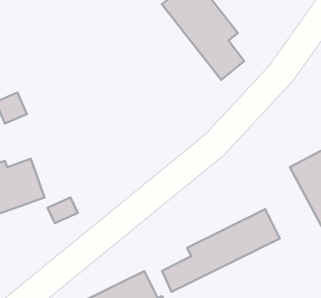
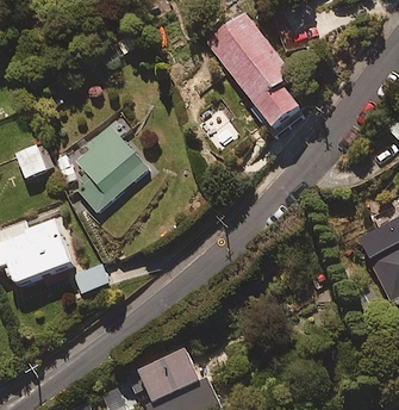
building: none -> [60,125,148,212]
building: [162,209,280,292] -> none

